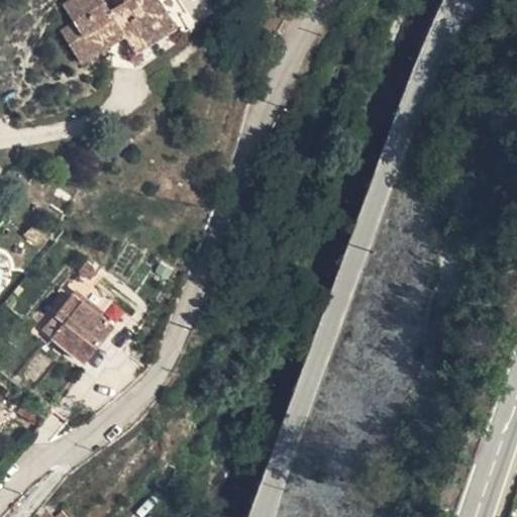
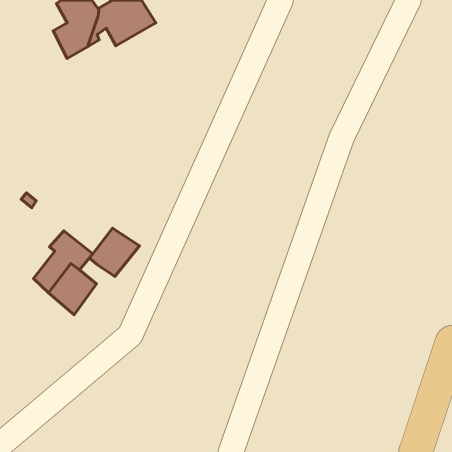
building: none -> [90,228,139,277]

